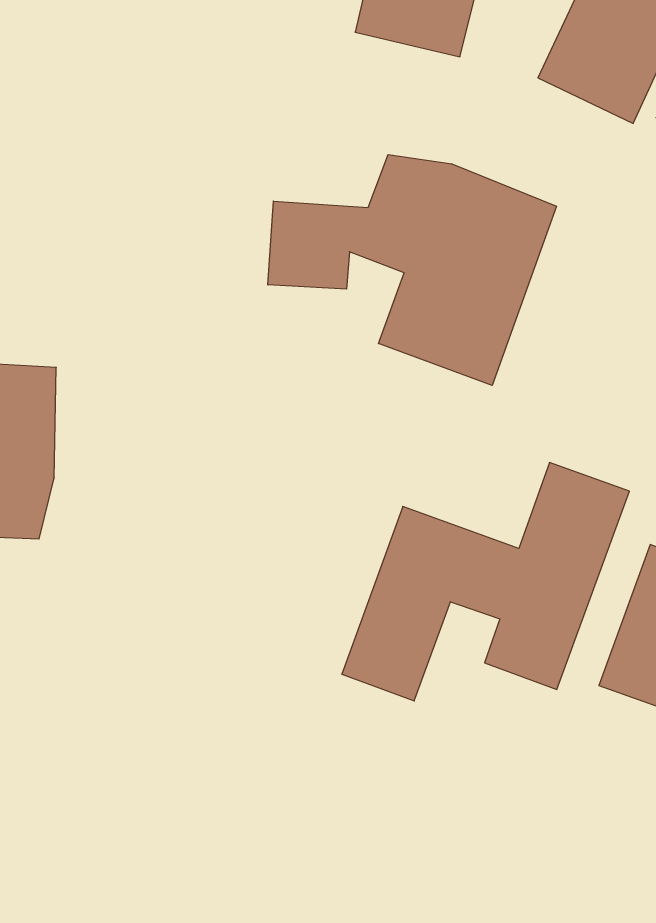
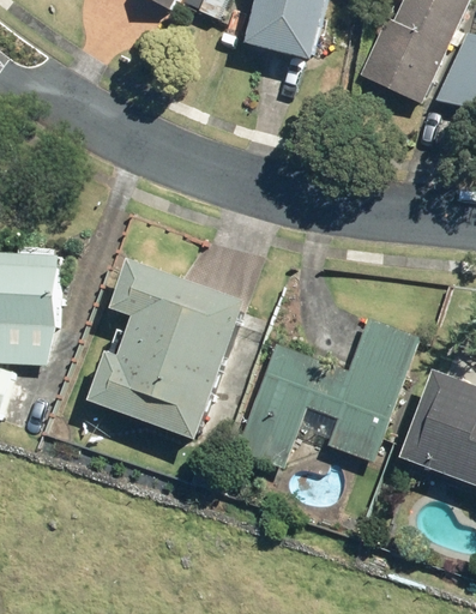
building: [268,155,557,385] -> none
building: none -> [89,261,247,441]

